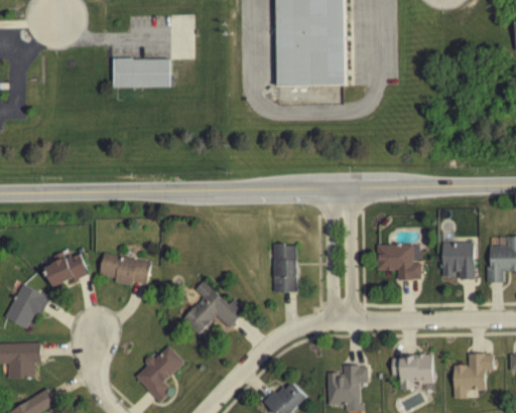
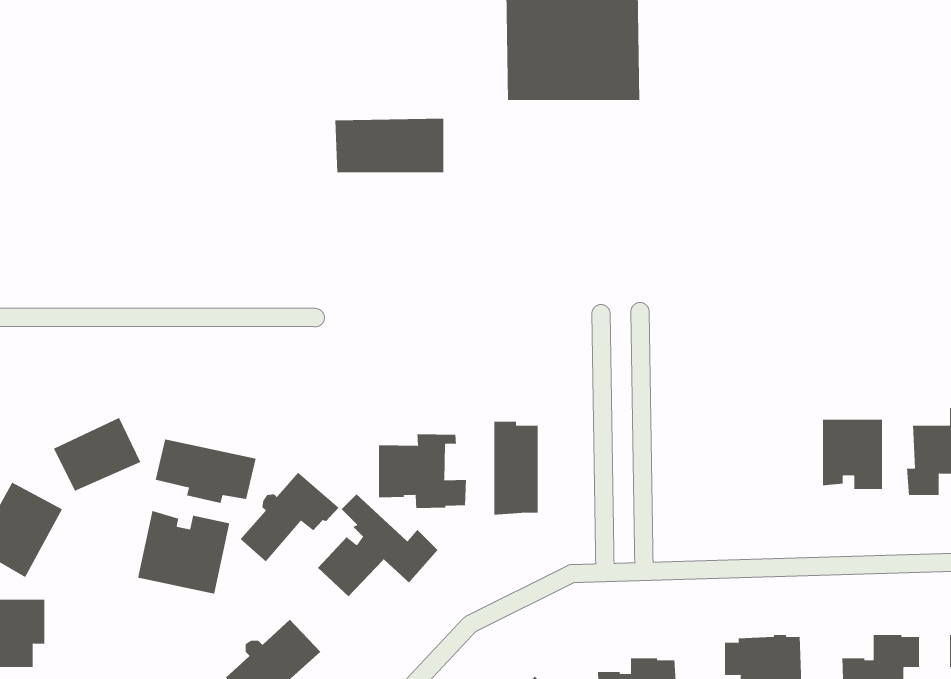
building: [111,59,167,88] -> [334,118,444,173]
building: [376,245,419,281] -> none
building: none -> [378,434,466,509]
building: none -> [240,472,339,562]
building: none -> [138,510,230,595]

